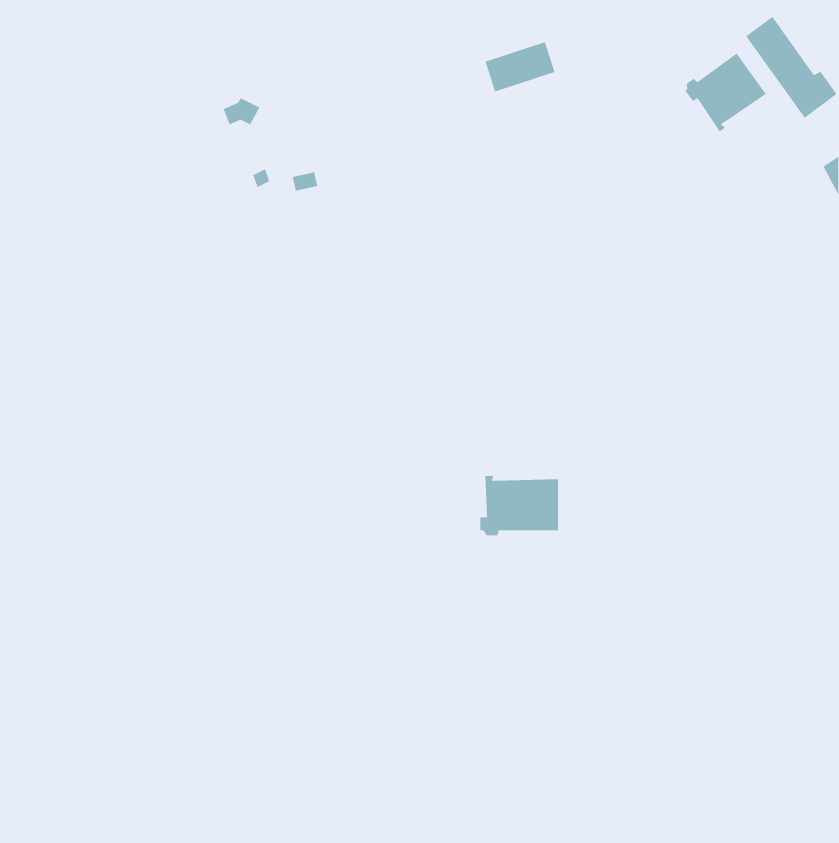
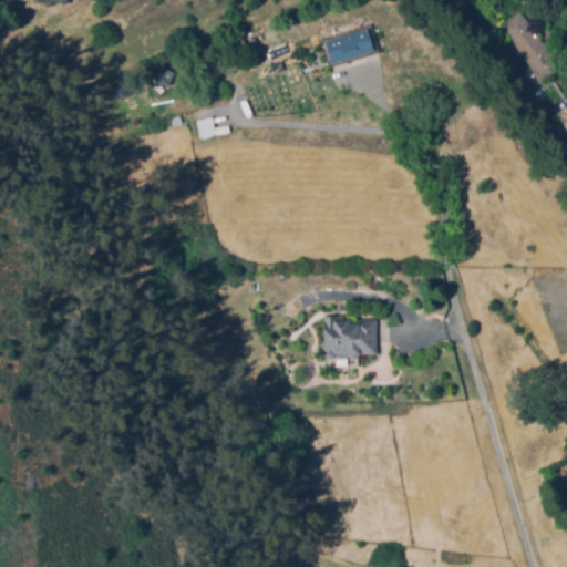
building: [684,53,767,132] -> none

